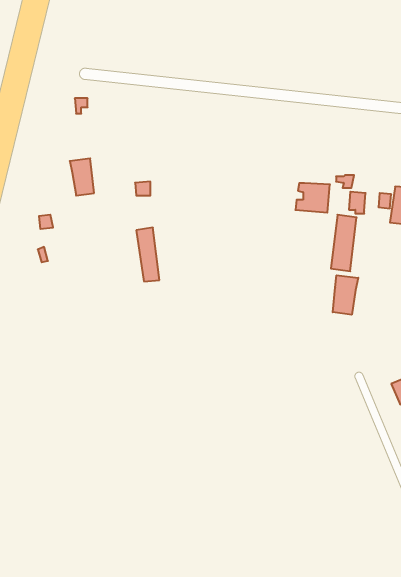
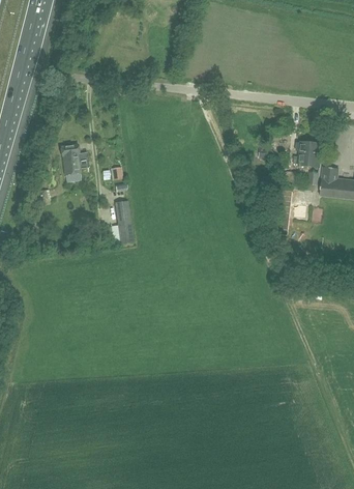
building: [295,183,330,213] -> [293,143,321,167]
building: [333,275,358,315] -> none

